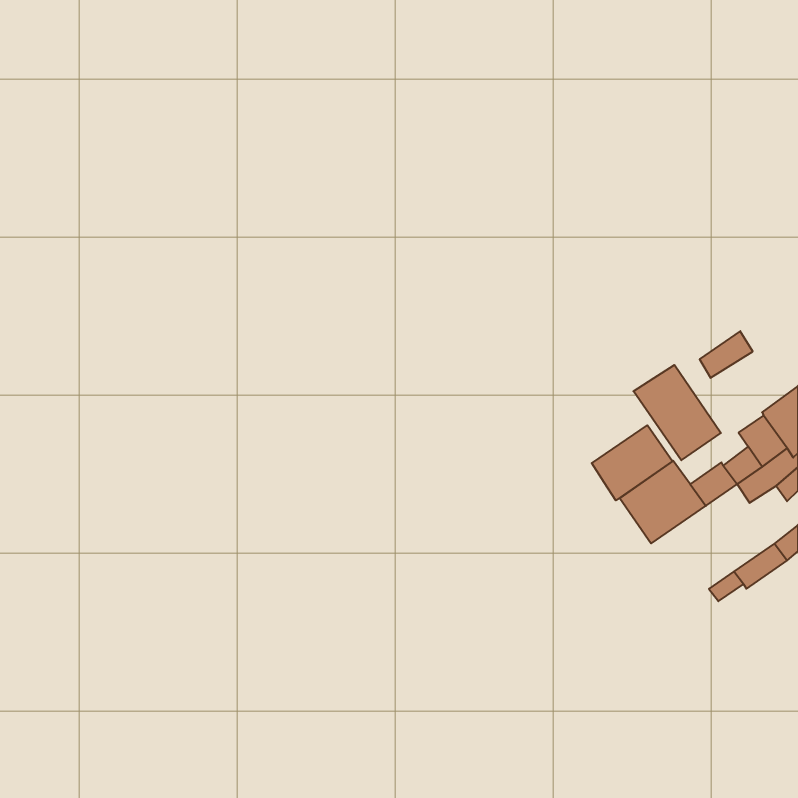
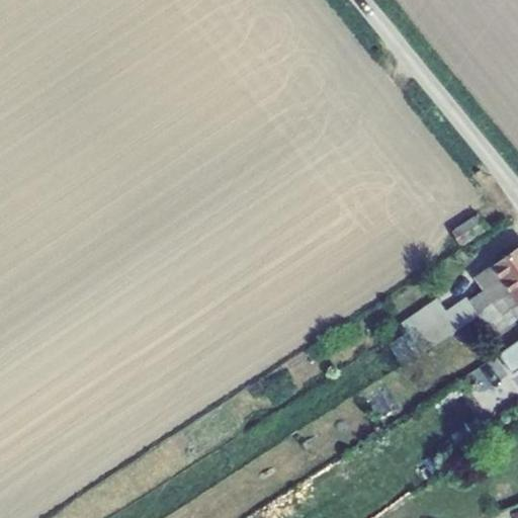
building: [633,365,721,460] -> none
building: [592,425,672,500] -> none

